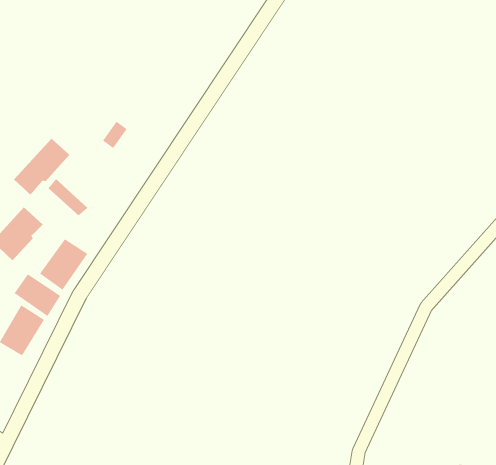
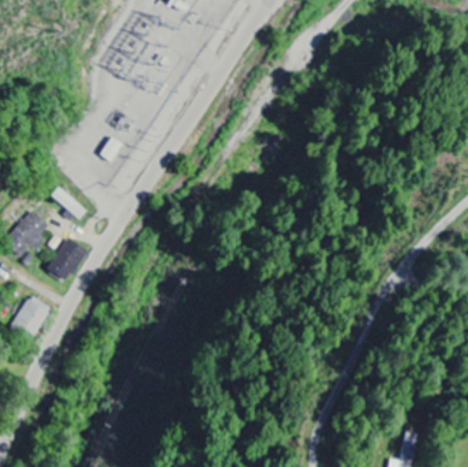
building: [13,138,70,195] -> none
building: [14,273,61,317] -> none

